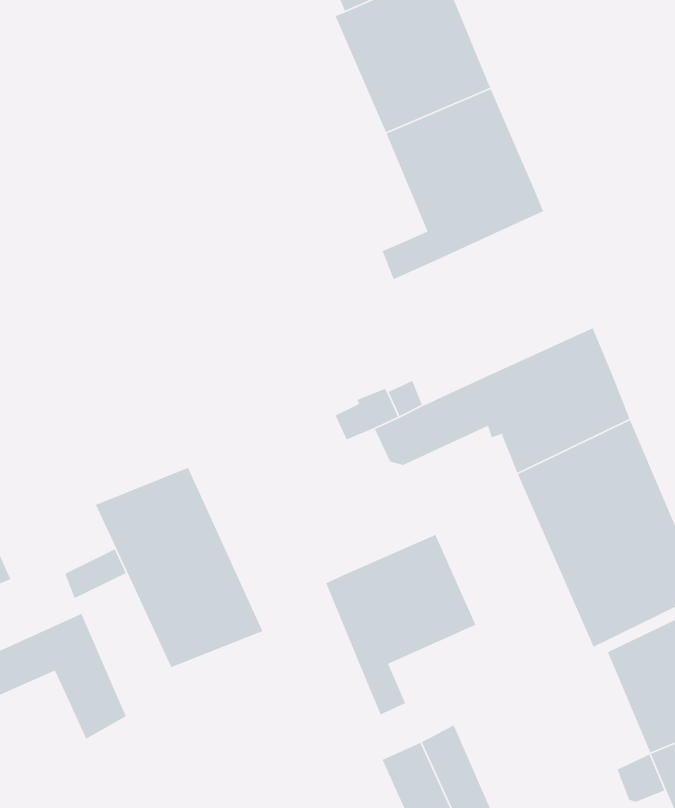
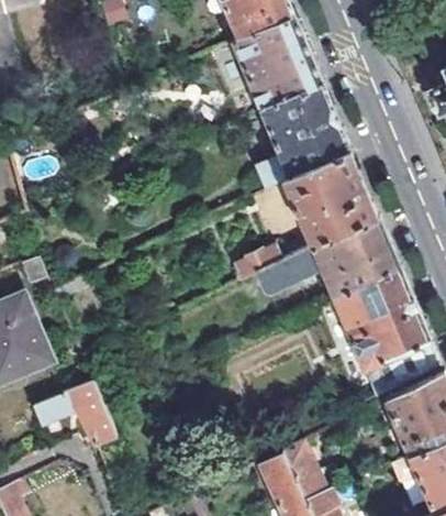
building: none -> [285,152,377,246]
building: [95,467,264,668] -> none
building: [325,534,476,715] -> none

